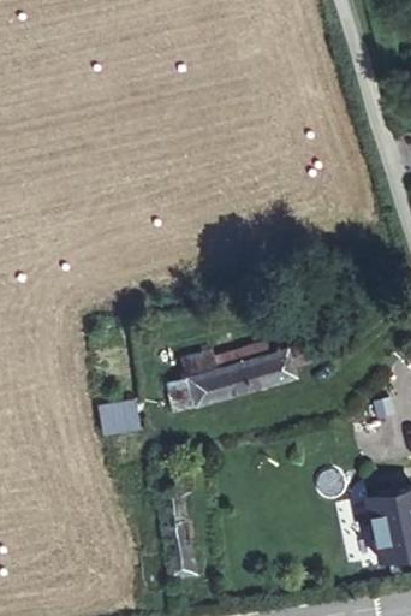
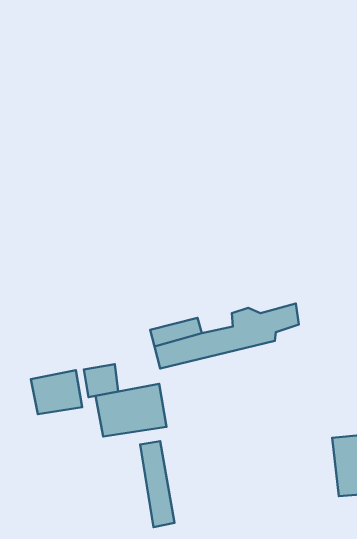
building: none -> [31,370,82,414]
building: none -> [95,384,166,436]

